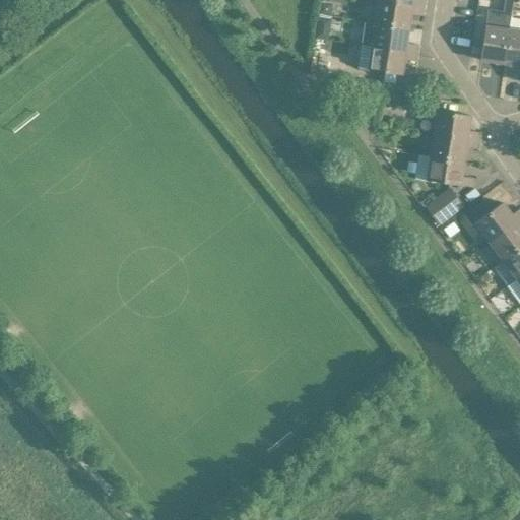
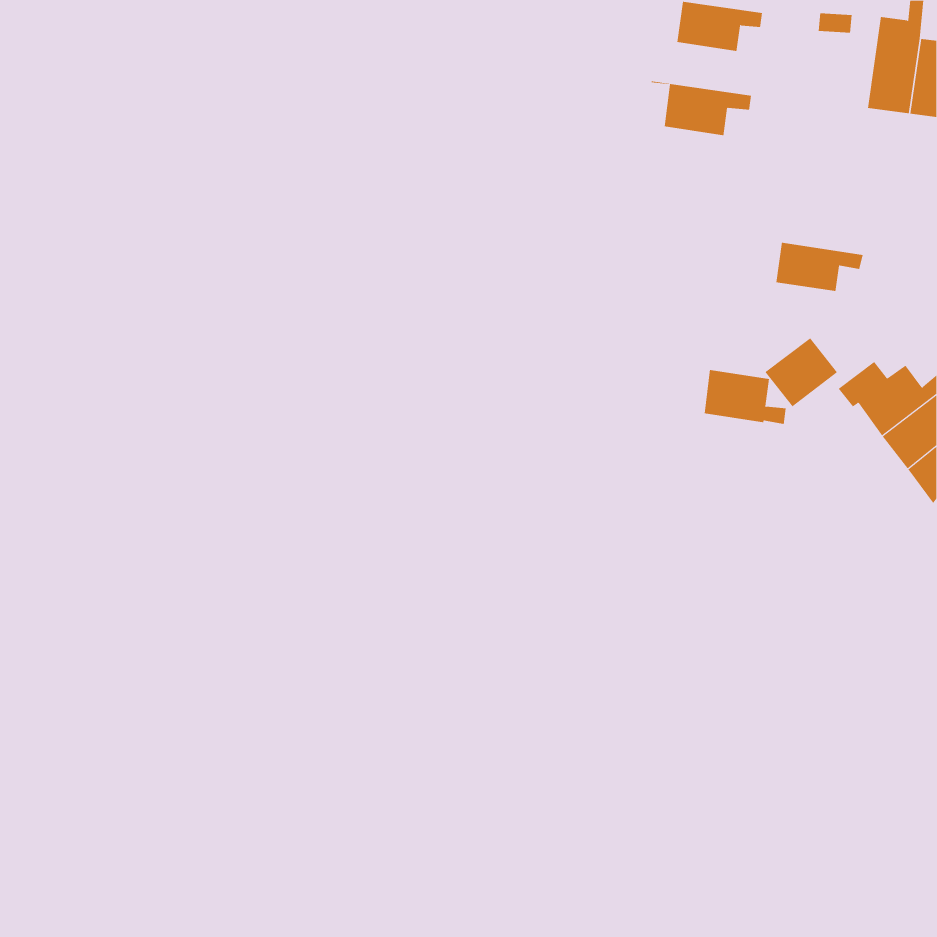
building: [361,23,417,53] -> none
building: [433,111,479,141] -> none
building: [427,156,472,187] -> [704,370,786,425]

